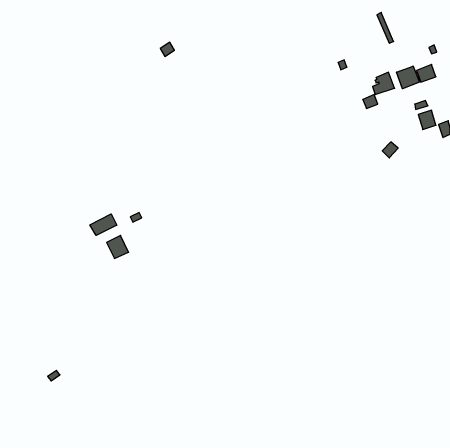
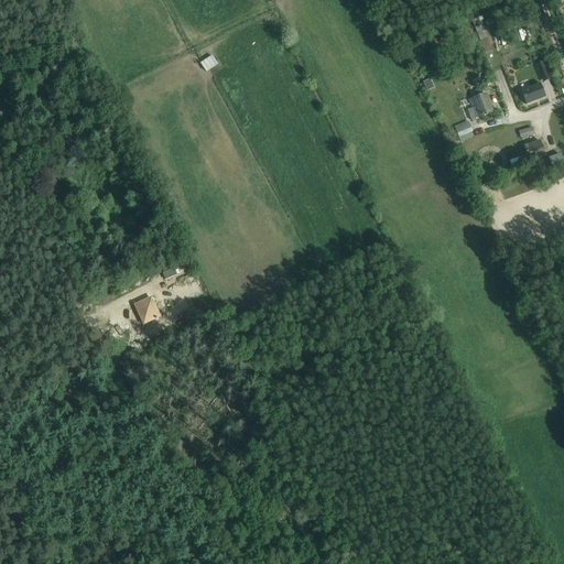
building: [397,66,420,89] -> none
building: [90,214,117,235] -> none

